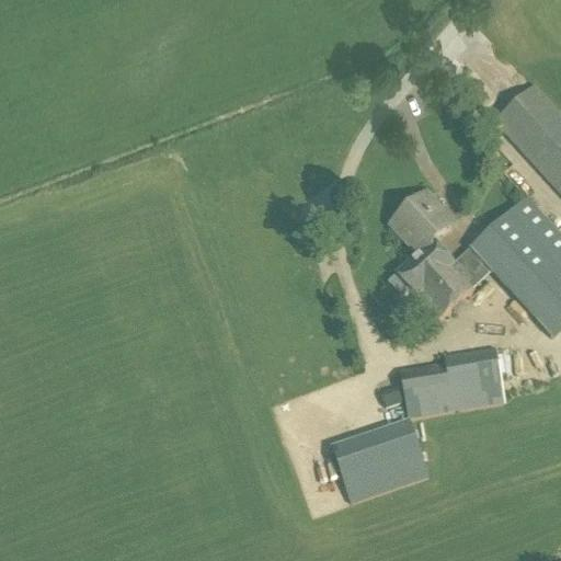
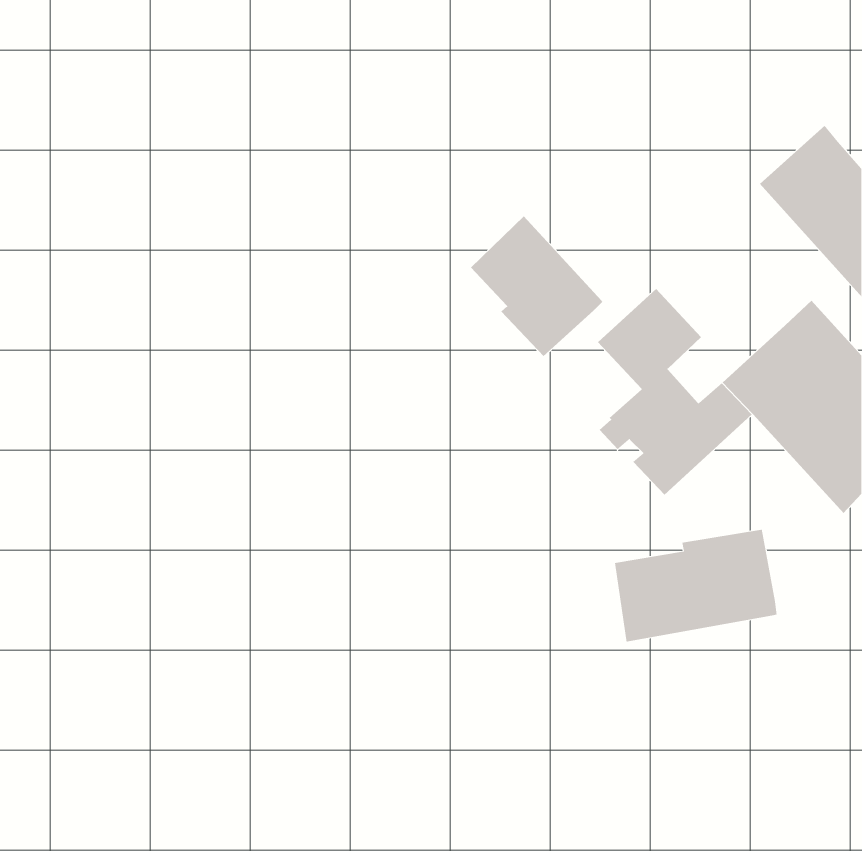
building: none -> [470,215,603,357]
building: [330,417,428,503] -> none

